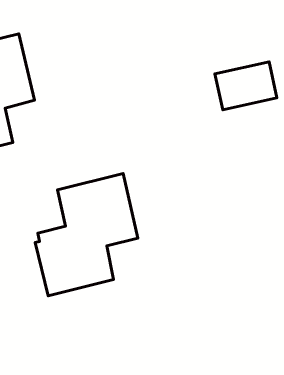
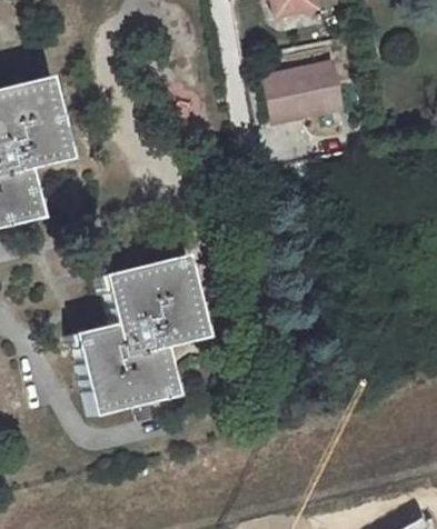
building: [215,62,277,110] -> [267,60,347,122]

